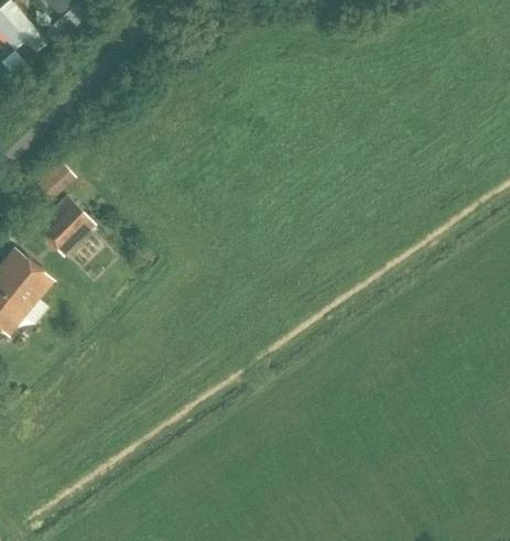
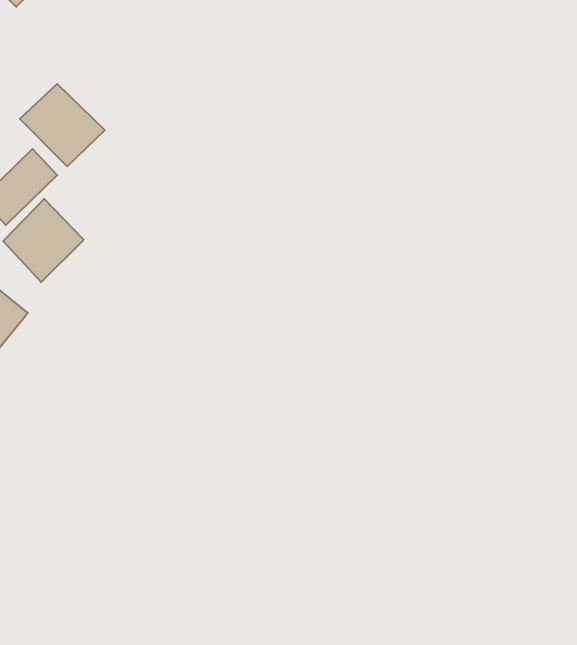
building: none -> [20,84,105,166]

